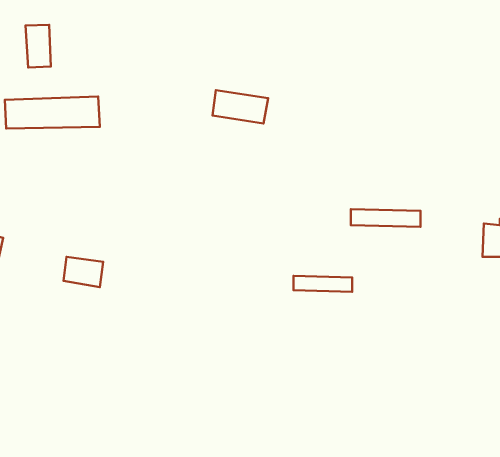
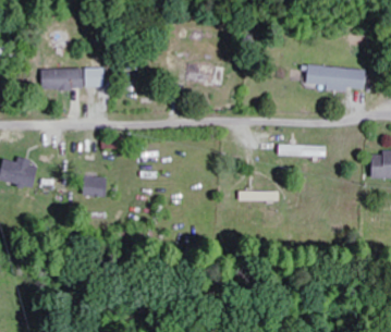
building: [25,25,51,67] -> none
building: none -> [306,66,366,89]

